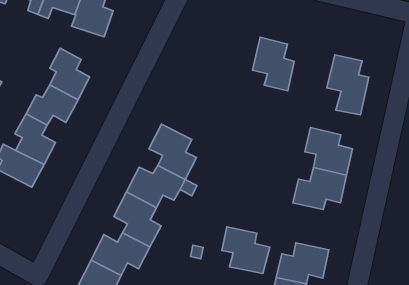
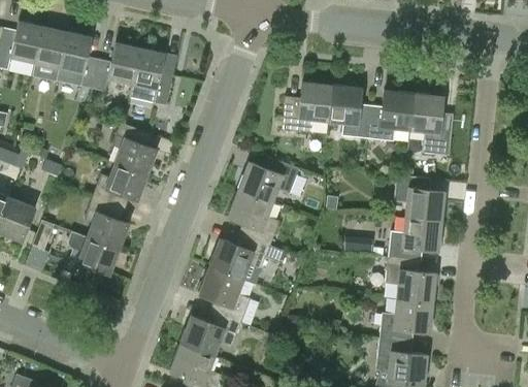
building: none -> [280,82,332,132]
building: none -> [368,90,414,141]
building: none -> [238,157,300,202]
building: [222,227,270,274] -> [386,257,436,302]

